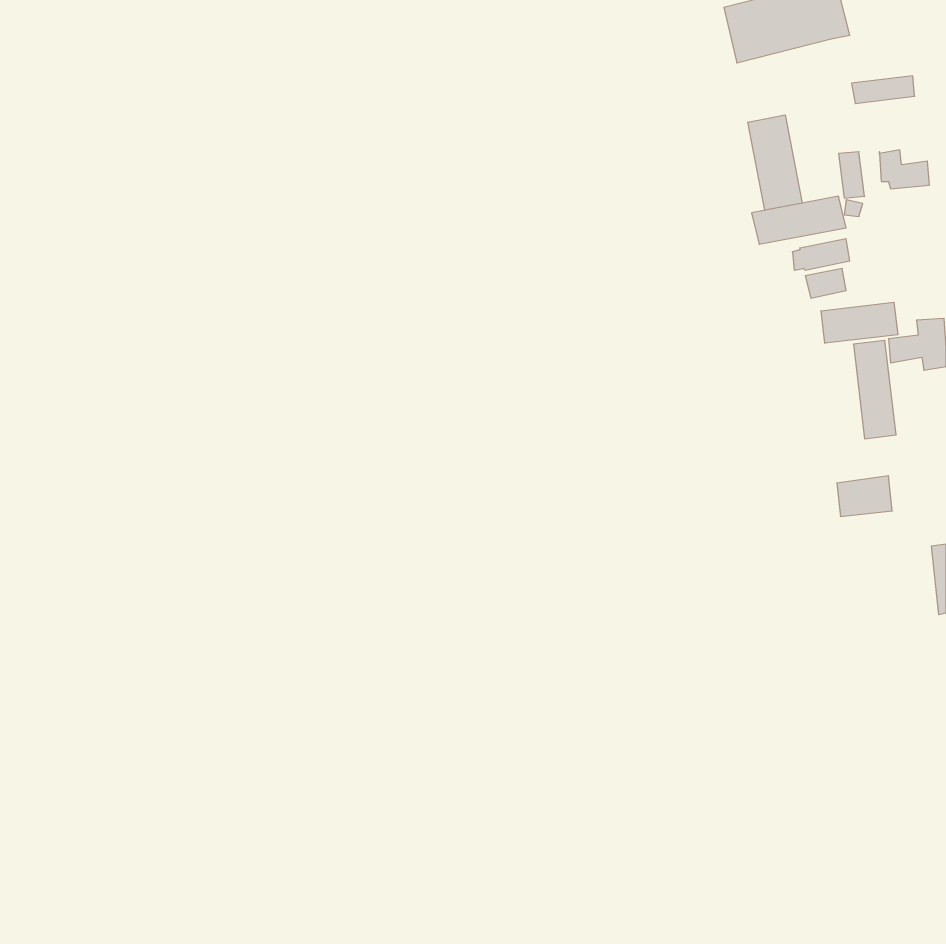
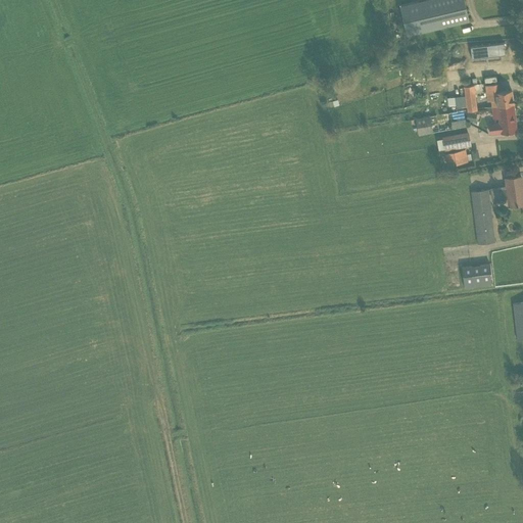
building: [748,115,802,210] -> none
building: none -> [488,102,517,133]
building: [821,302,898,343] -> none

